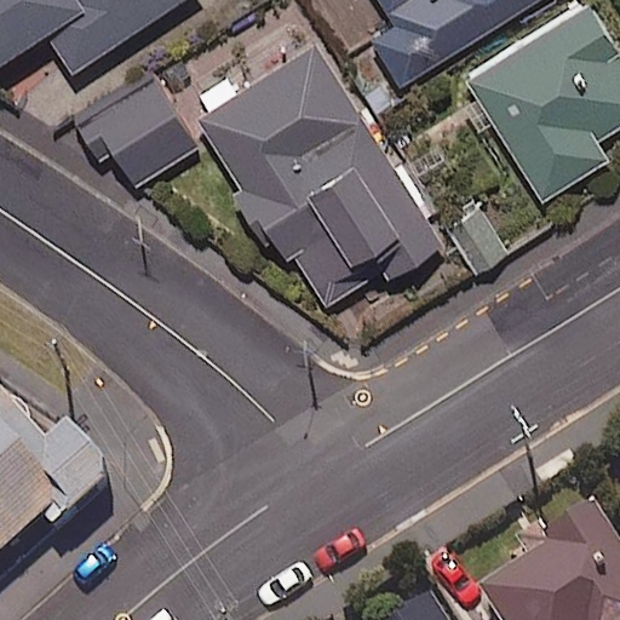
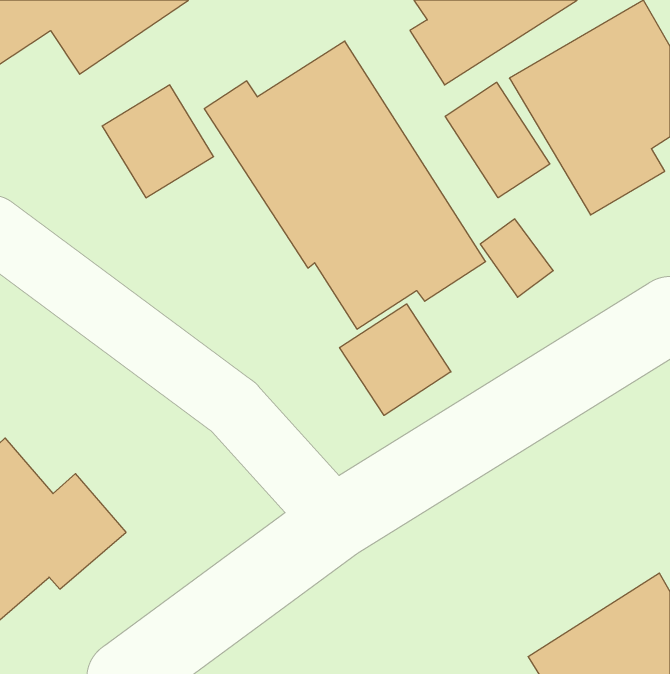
building: none -> [445,82,550,198]
building: none -> [340,304,451,415]

